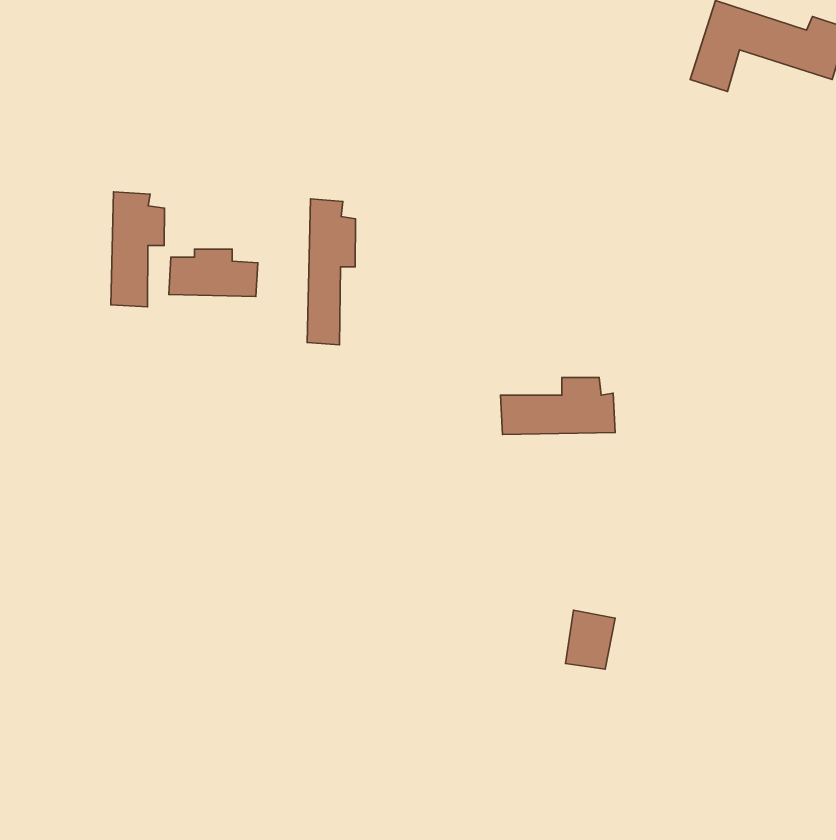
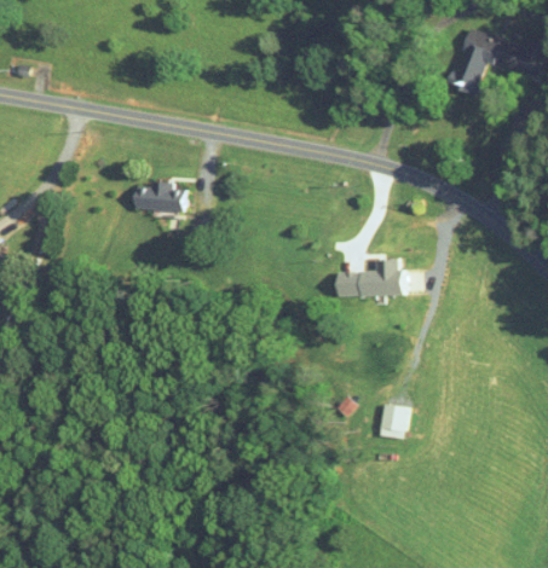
building: [111,192,165,307] -> none
building: [307,199,356,345] -> none

